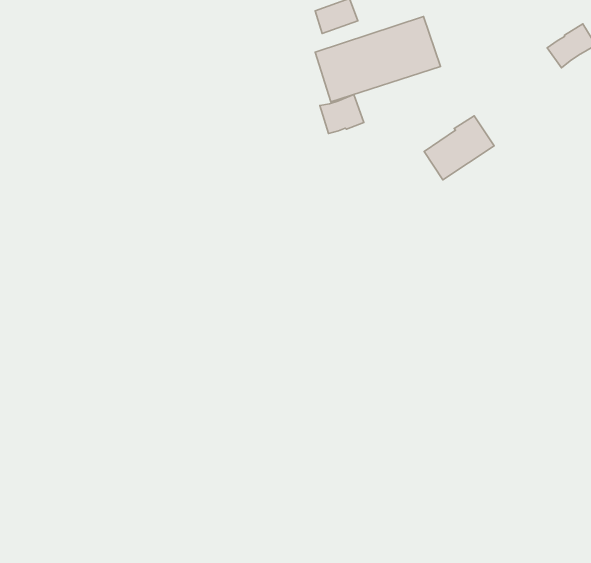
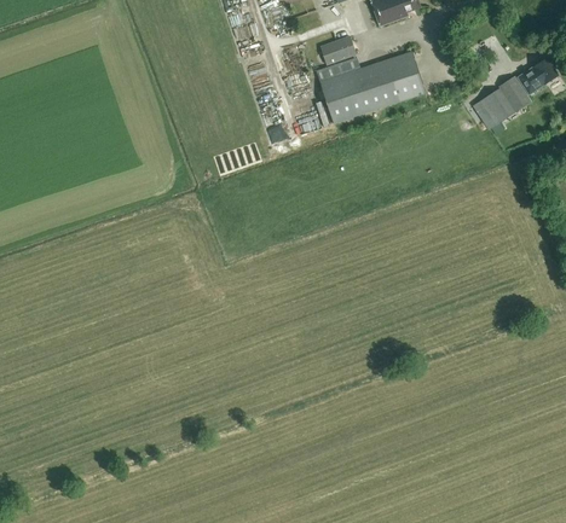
building: [320,95,364,134] -> none
building: [424,116,494,180] -> [472,75,531,129]

